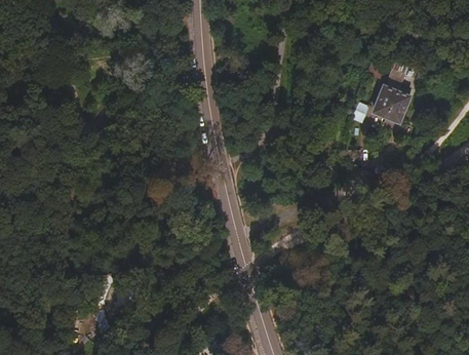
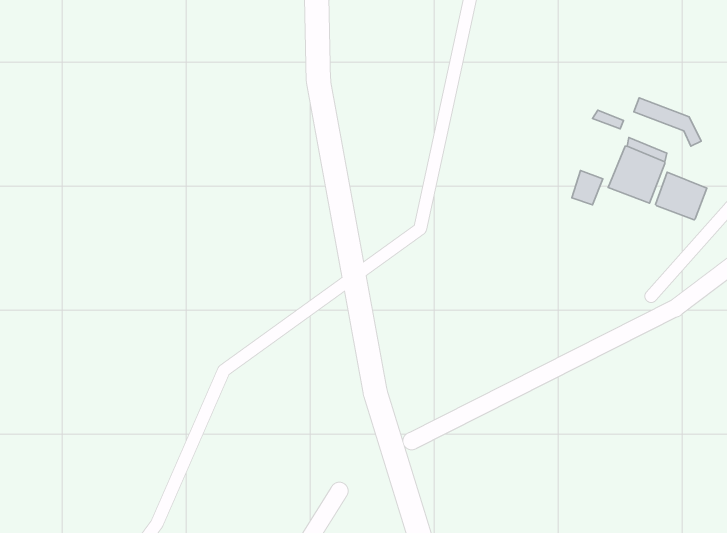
building: none -> [655,172,707,220]

